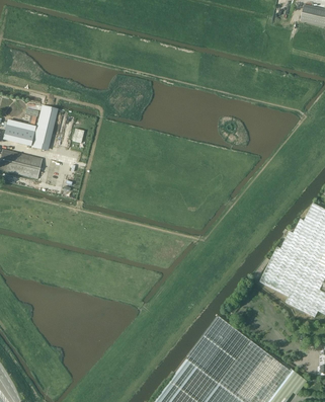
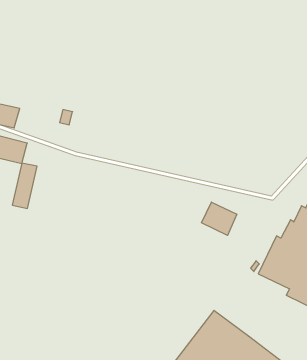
building: [32,106,56,149] -> [12,163,37,208]
building: none -> [201,202,237,235]

